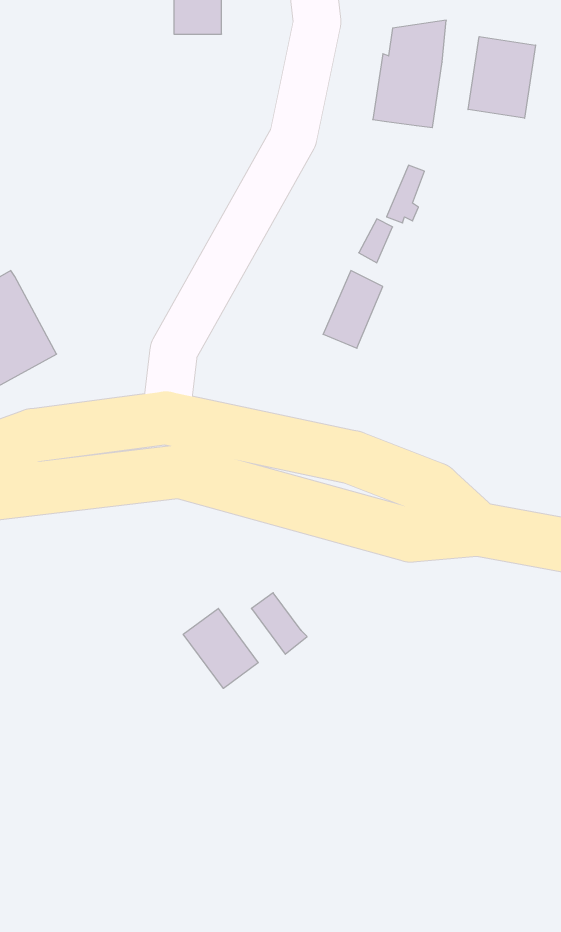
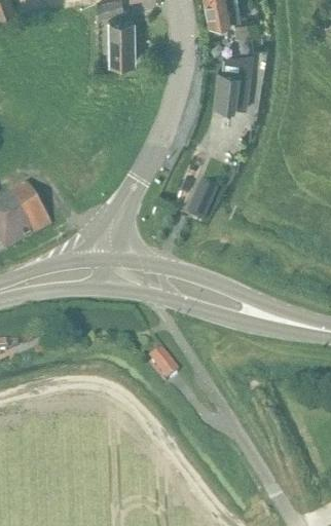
building: [468,37,536,118] -> none
building: [183,608,258,688] -> none

